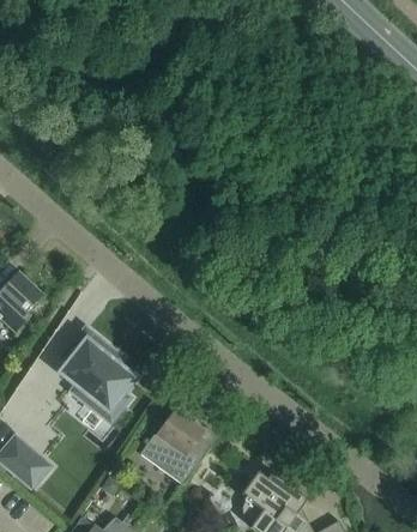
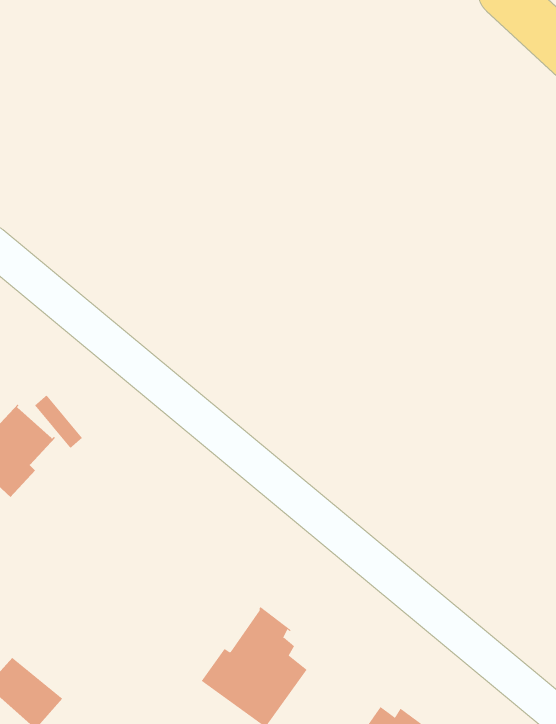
building: [62,328,134,419] -> none

